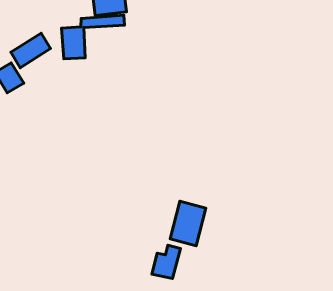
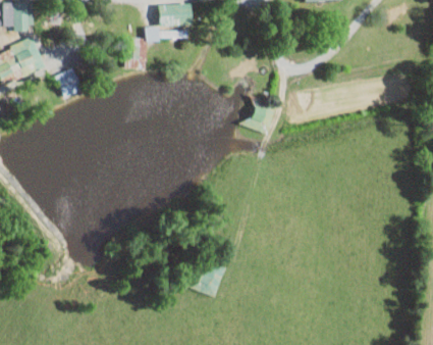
building: [11,33,51,68] -> none
building: [170,201,206,246] -> none

